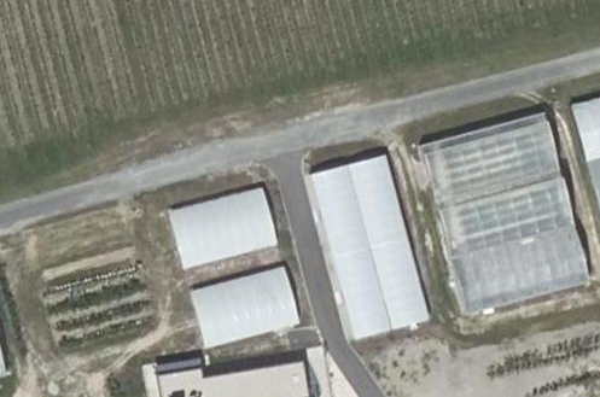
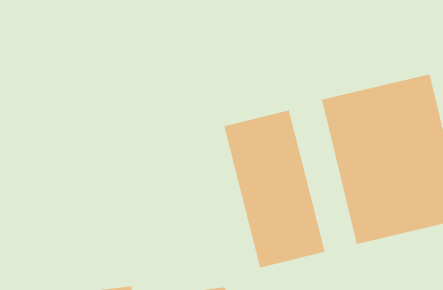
building: [161,191,268,274] -> none
building: [182,270,290,352] -> none

